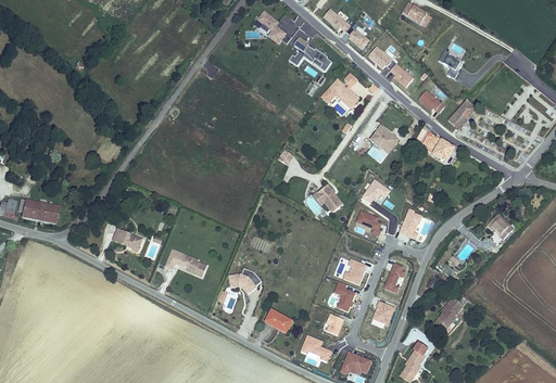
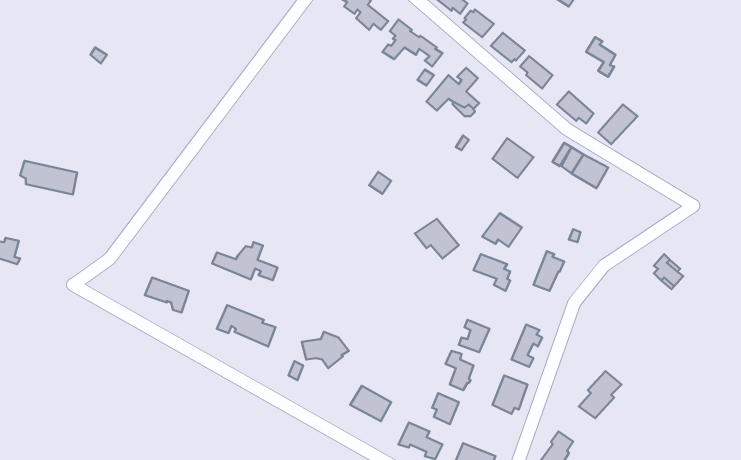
building: [18,196,61,221] -> [20,161,77,195]
building: none -> [212,242,278,280]

